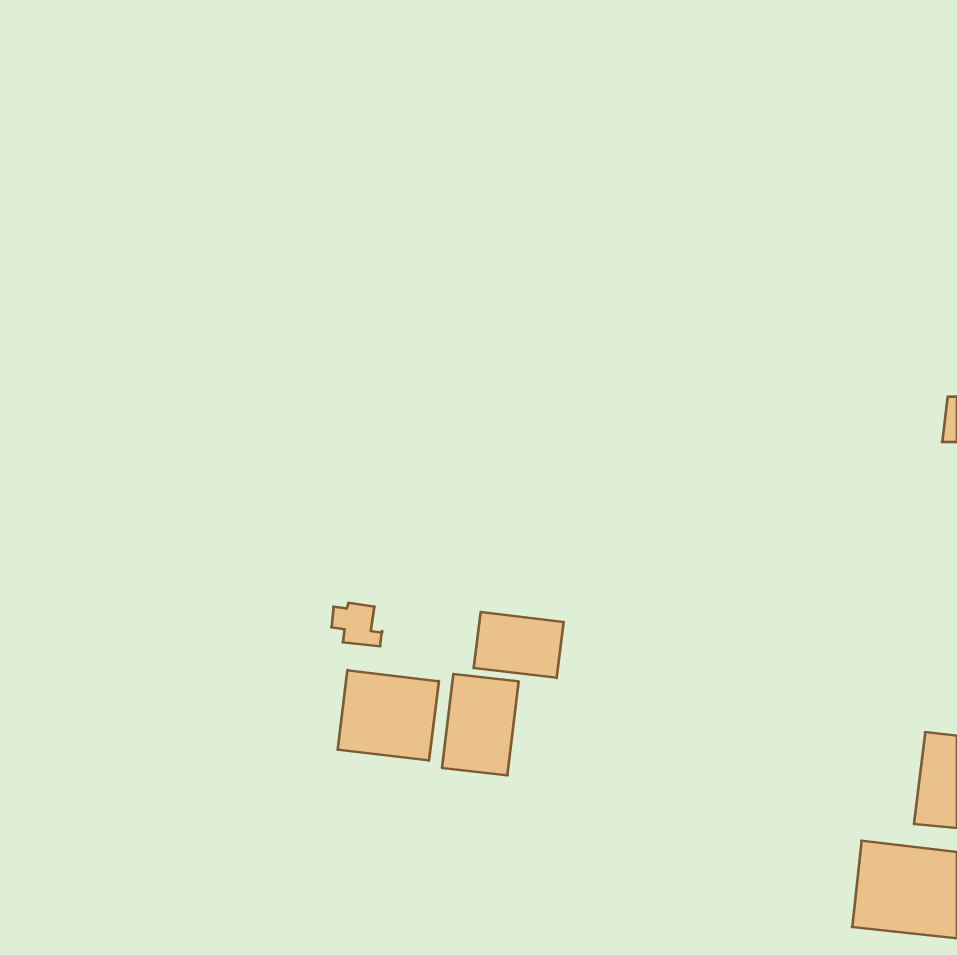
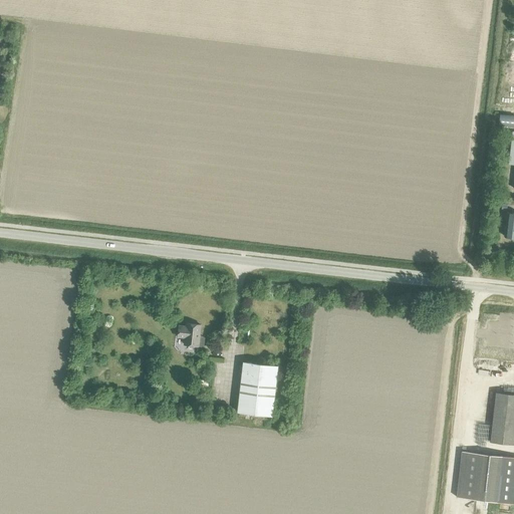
building: [474,612,564,678] -> none
building: [338,670,439,761] -> none

